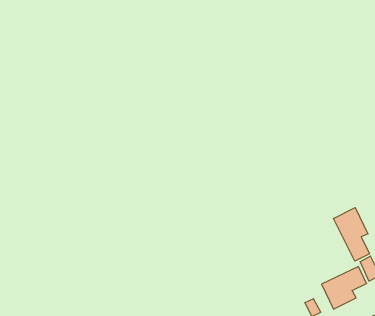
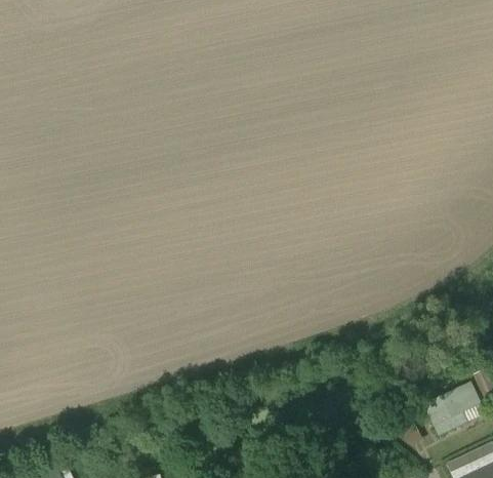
building: [333,208,369,261] -> none

